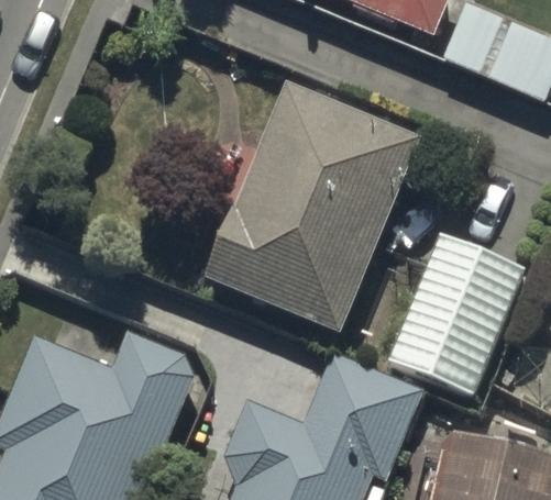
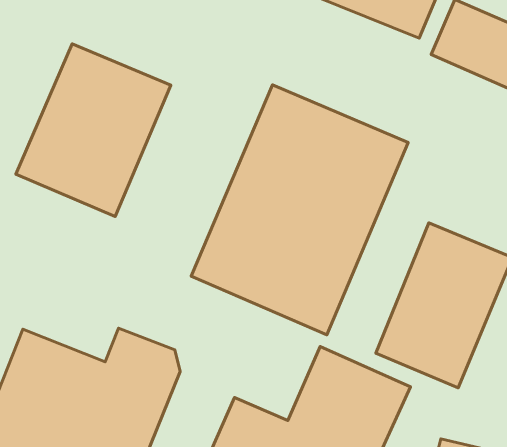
building: none -> [16,44,171,216]

